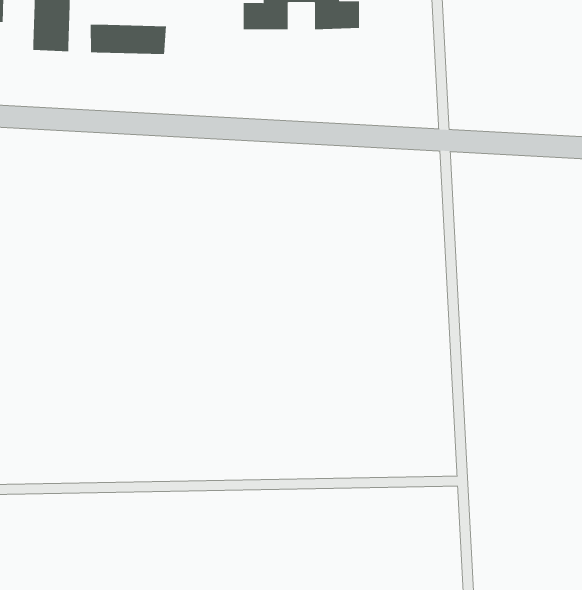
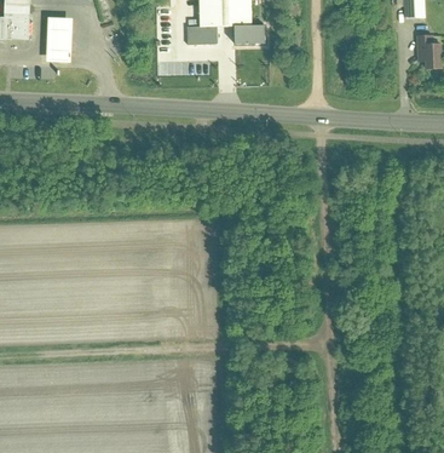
building: [90,24,166,55] -> none

